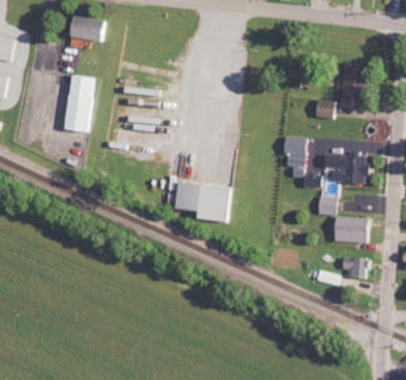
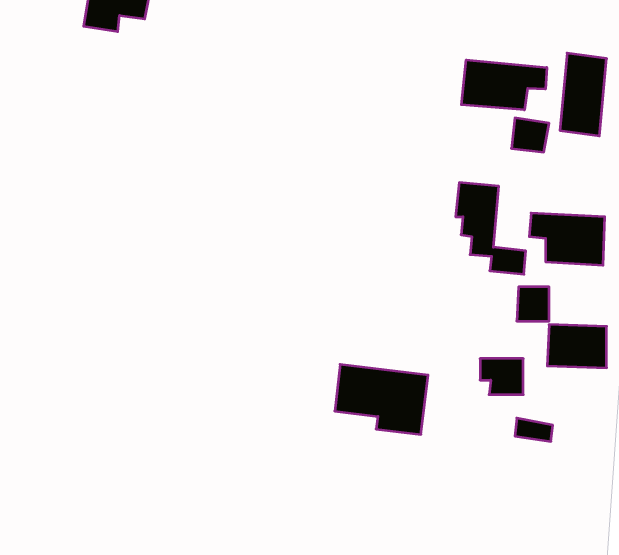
building: none -> [461,60,547,110]
building: [65,75,94,132] -> none
building: [177,182,230,222] -> [335,364,428,434]
building: [341,258,366,279] -> [480,359,523,395]

